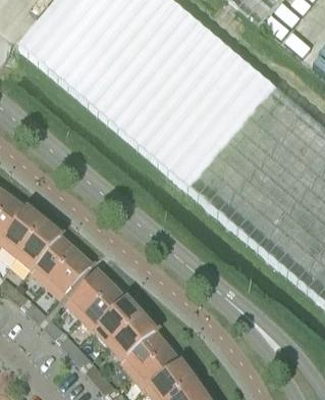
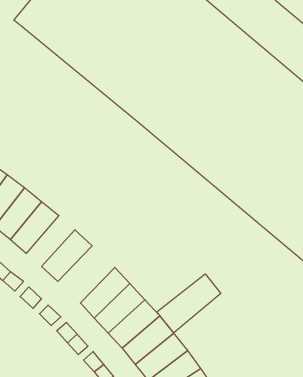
building: [30,234,75,282] -> none
building: [65,267,113,316] -> none
building: none -> [157,274,221,333]

